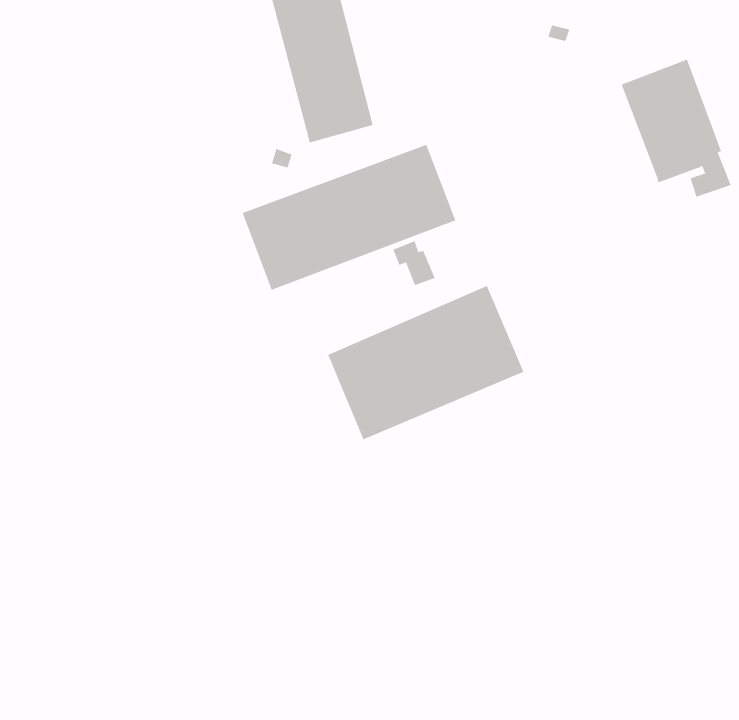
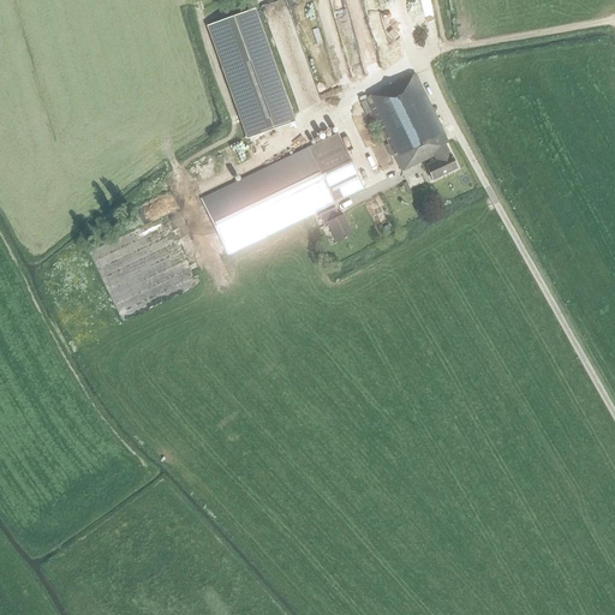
building: [621,59,731,198] -> [365,73,456,179]
building: [327,285,524,440] -> none

